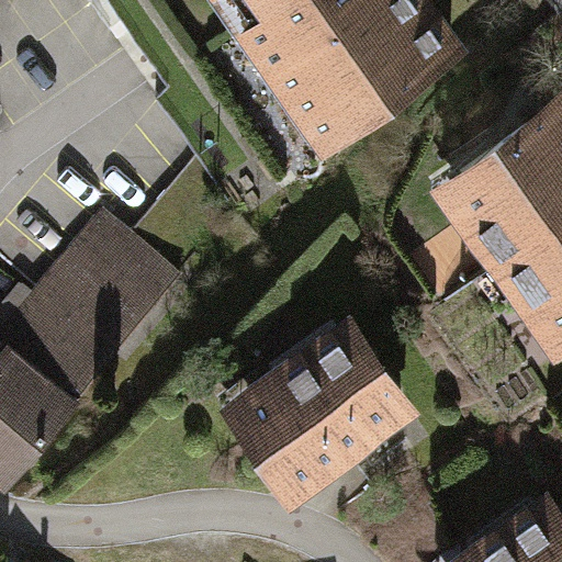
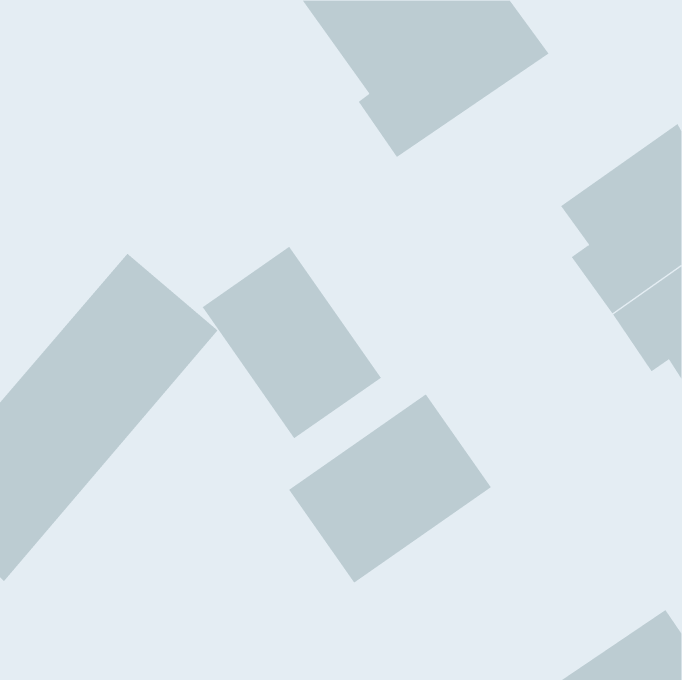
building: none -> [202,246,382,439]

